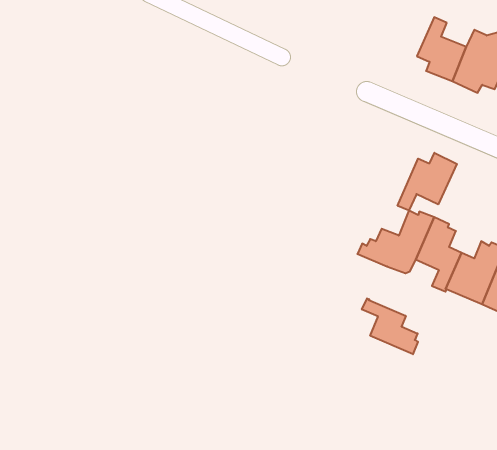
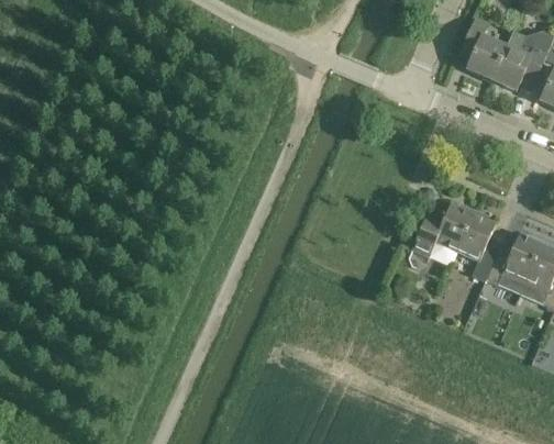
building: [398,153,457,210] -> none
building: [362,298,418,354] -> none

